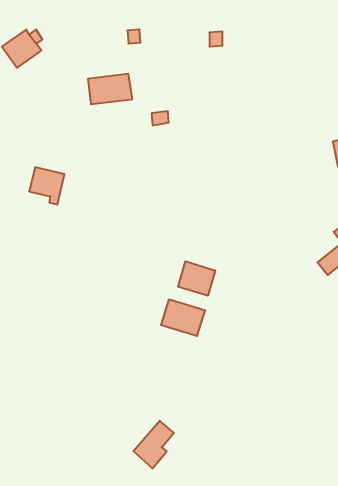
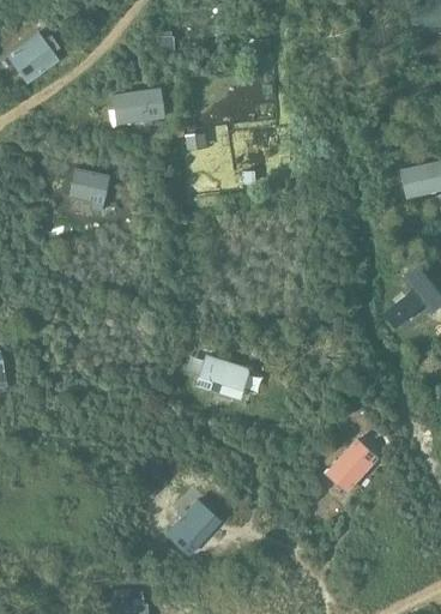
building: [29,167,64,205] -> [67,167,109,211]
building: [178,261,215,296] -> none
building: none -> [325,438,380,495]

